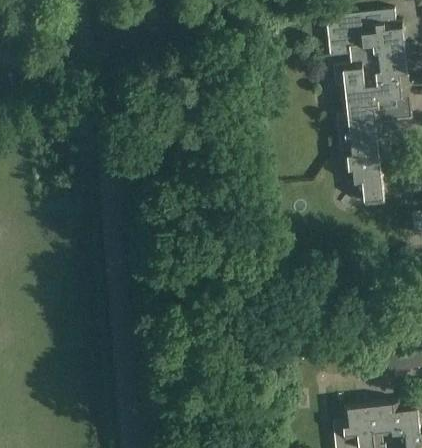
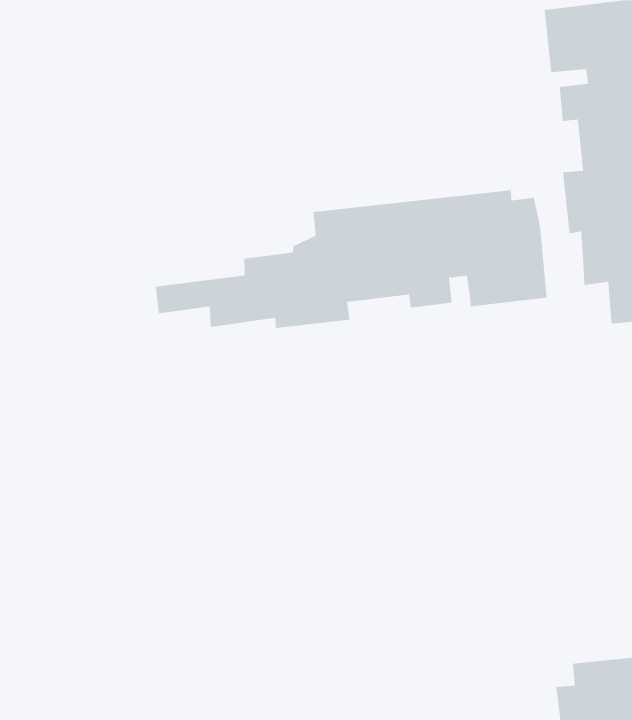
building: none -> [155,189,547,329]

